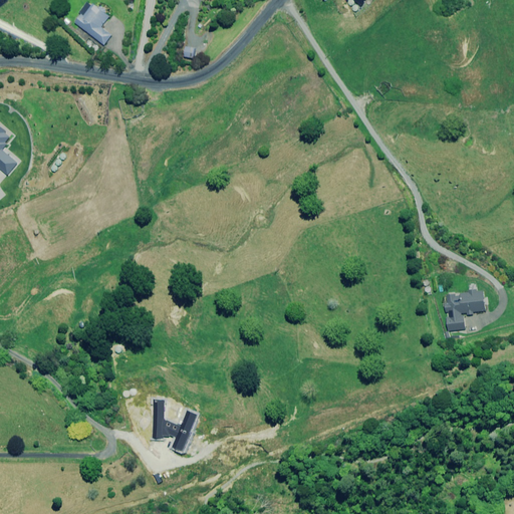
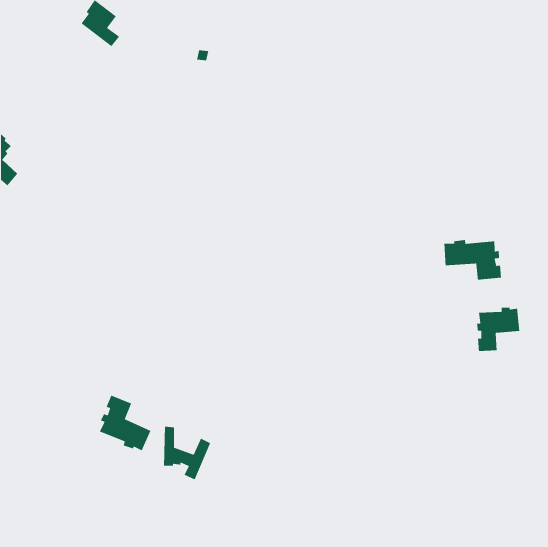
building: none -> [444,239,502,281]
building: none -> [99,395,152,452]

